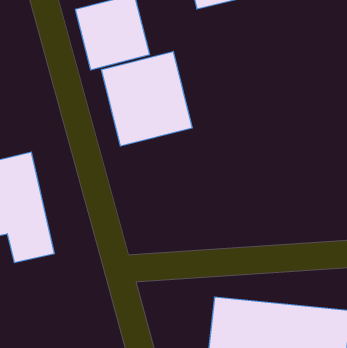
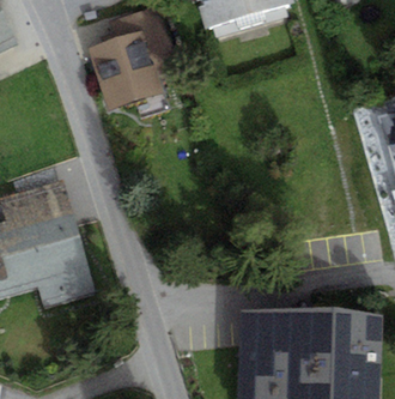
building: [102,51,192,146] -> none

